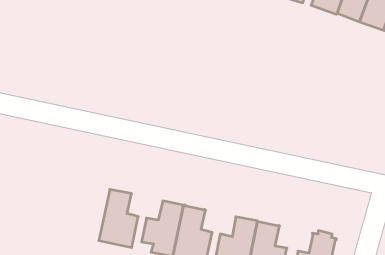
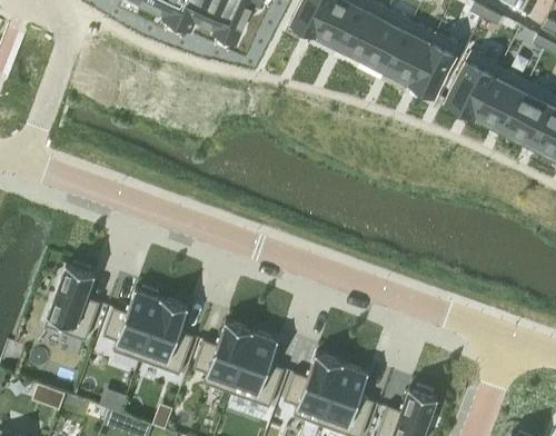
building: none -> [44,262,100,343]
building: none -> [103,288,162,361]

